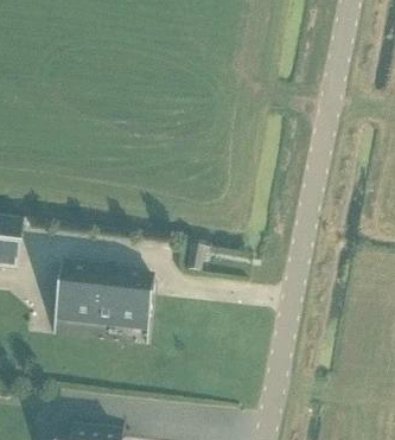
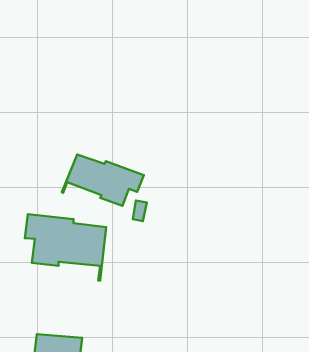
building: none -> [62,154,144,206]

